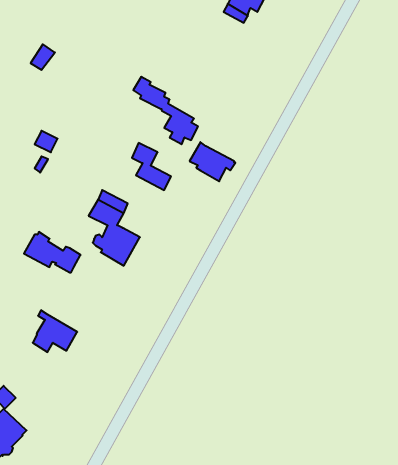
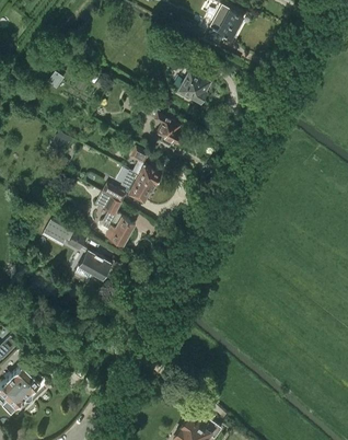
building: none -> [177,67,210,100]
building: [190,142,235,181] -> [119,169,156,200]
building: [33,310,77,352] -> [76,246,112,280]

